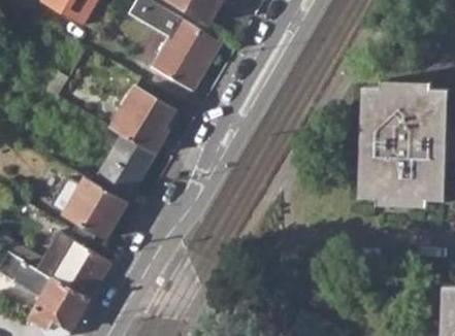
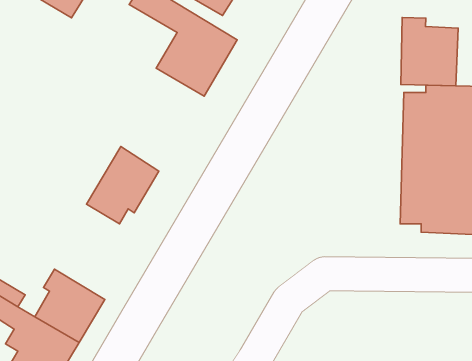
building: none -> [401,18,458,86]
building: [111,87,174,154] -> none
building: [55,176,128,237] -> none

